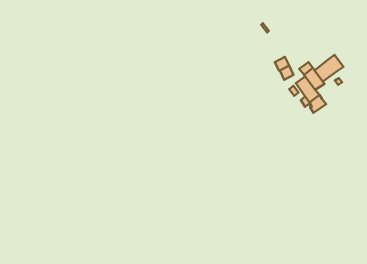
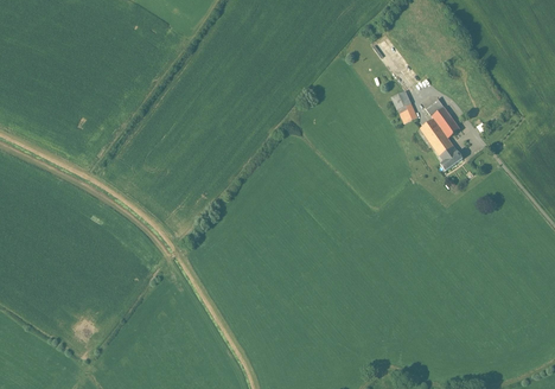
building: [315,55,343,81] -> none

